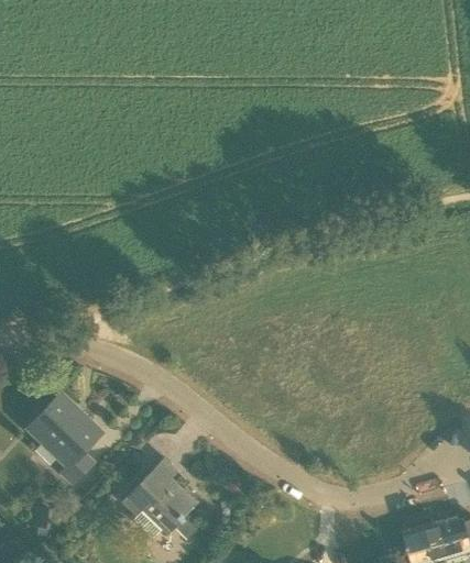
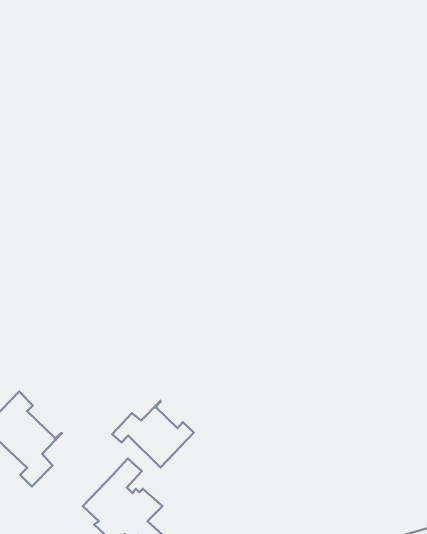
building: none -> [112,401,194,468]

